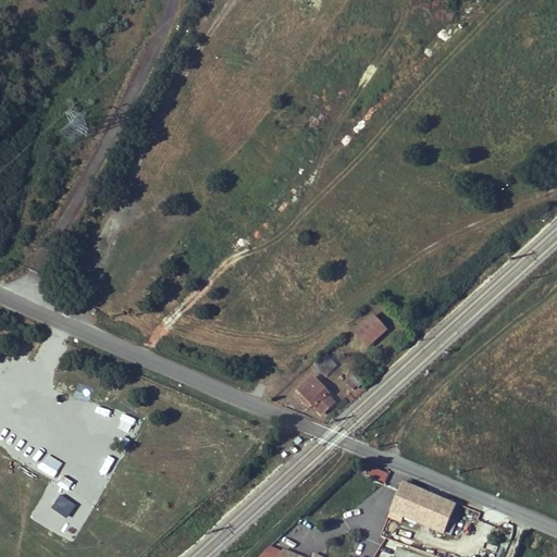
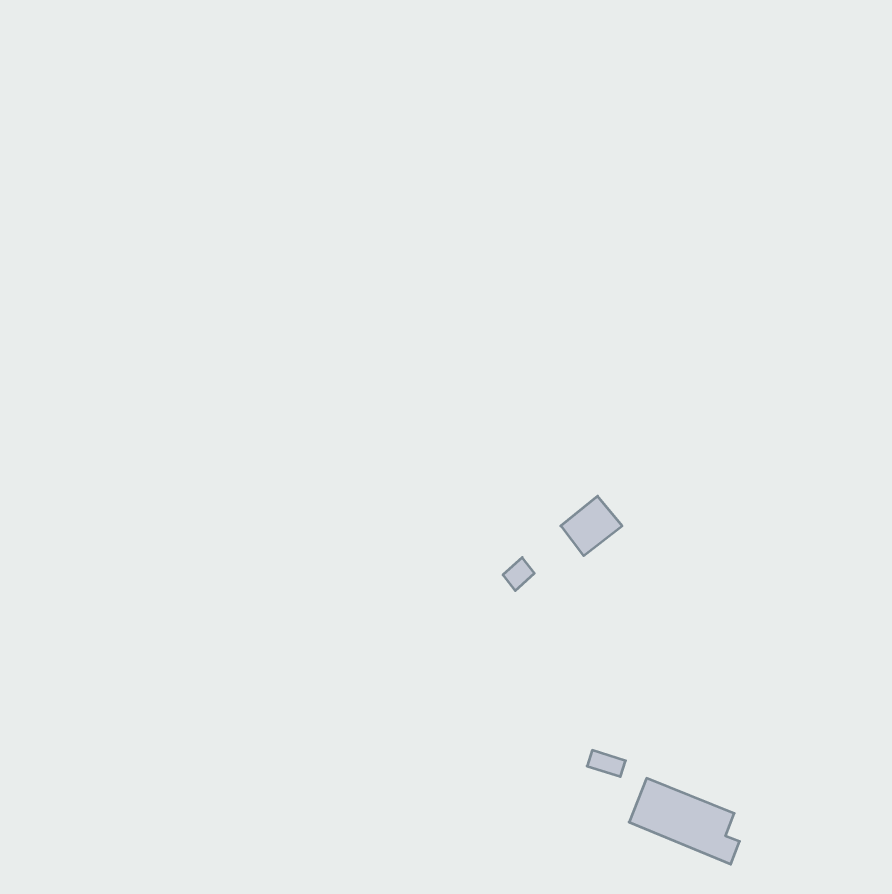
building: [298,376,333,413] -> none

